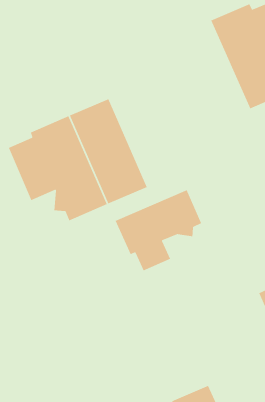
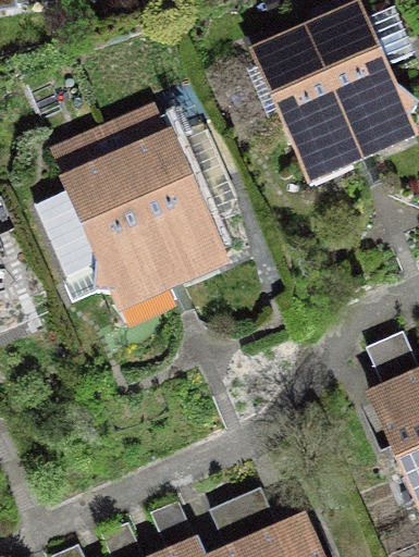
building: none -> [255,29,360,173]
building: [115,189,202,272] -> none

